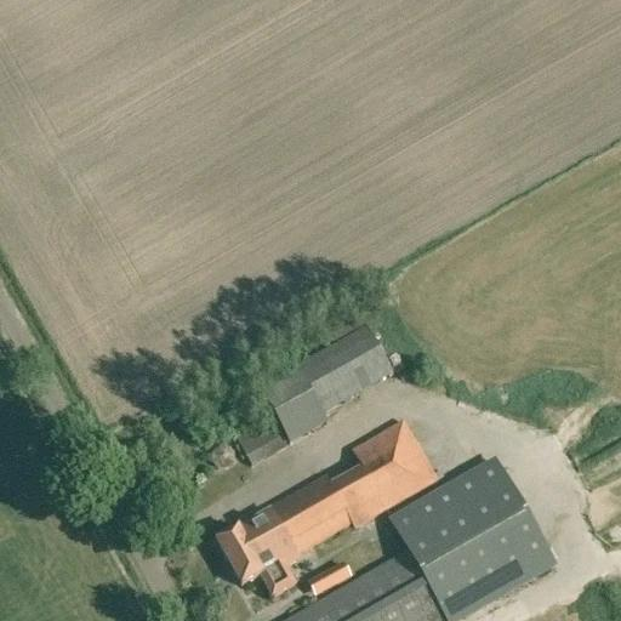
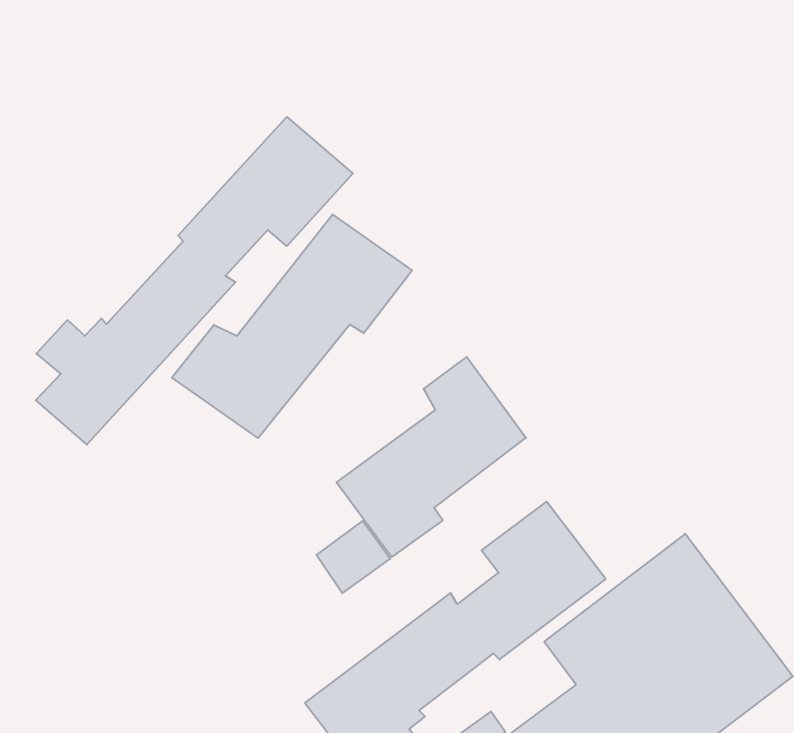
building: none -> [36,117,353,445]
building: none -> [172,214,412,438]

